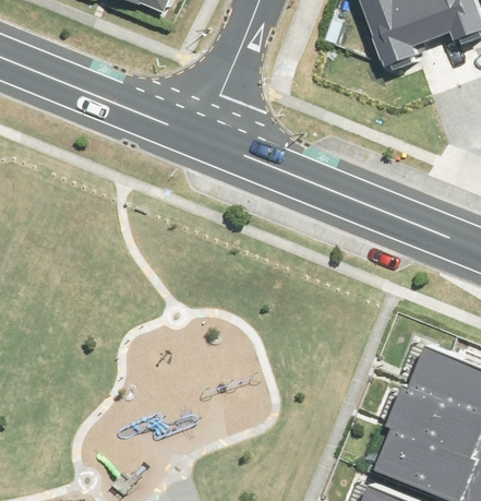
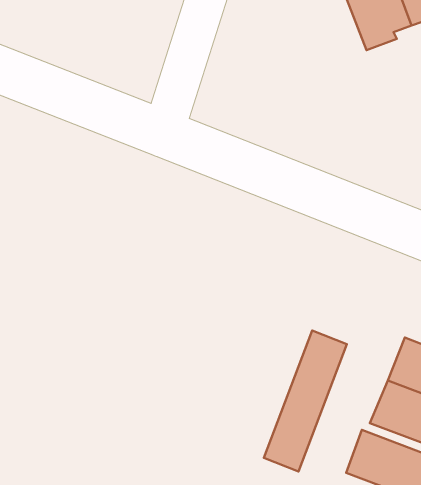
building: none -> [264,330,347,471]

